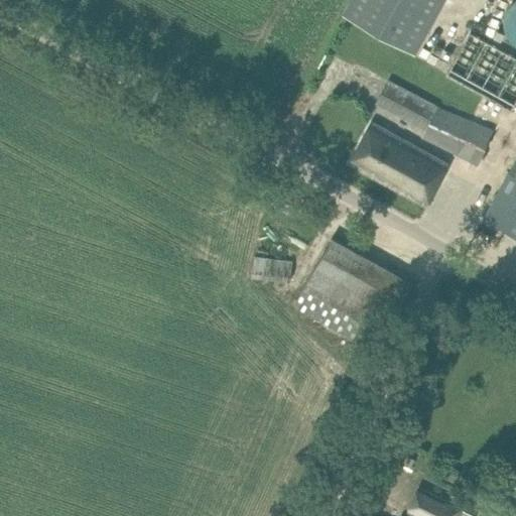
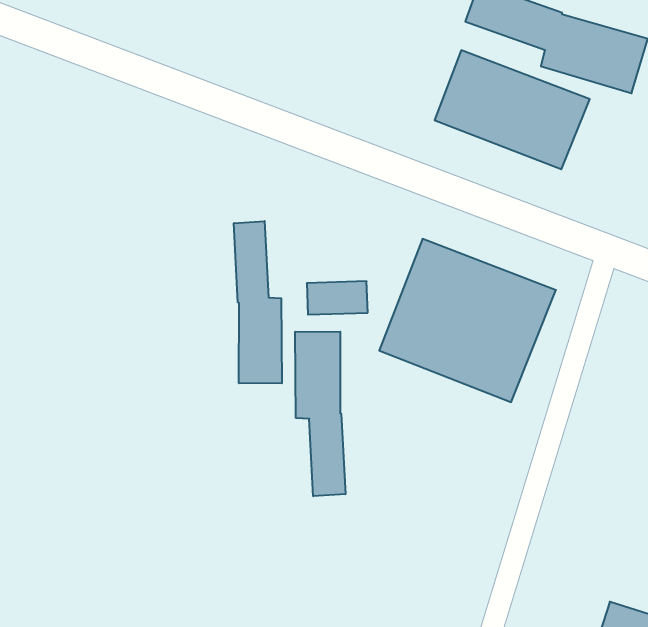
building: none -> [234,221,282,383]
building: none -> [295,332,345,496]

